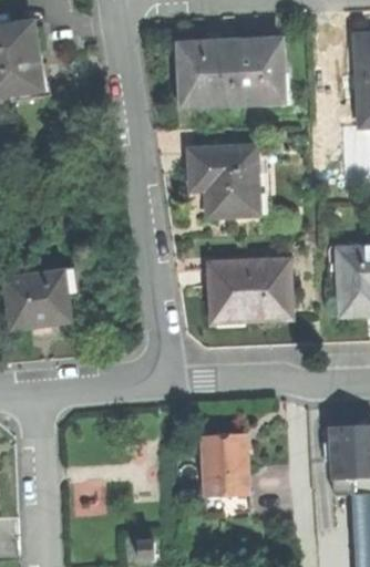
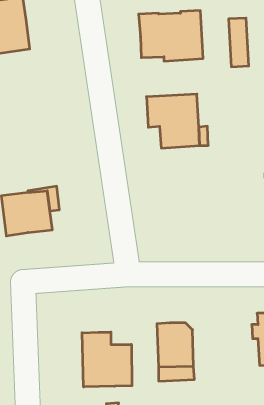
building: [257,40,282,102] -> [229,18,249,67]
building: [209,258,289,317] -> none
building: none -> [82,332,132,387]

